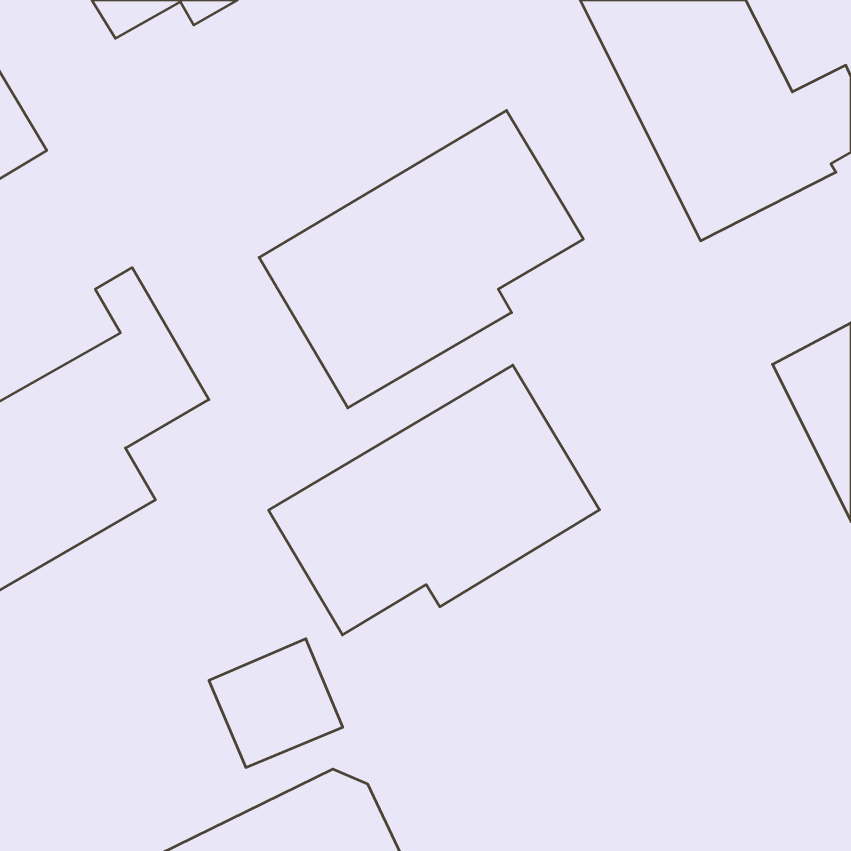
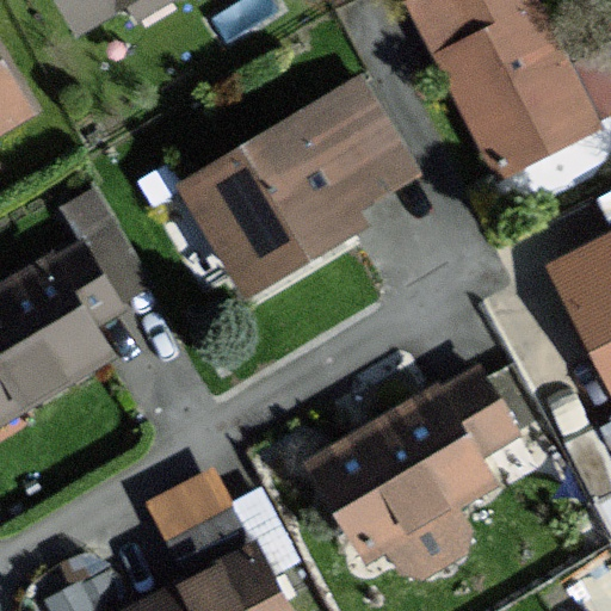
building: [269,365,600,635] -> none
building: none -> [306,369,512,590]

